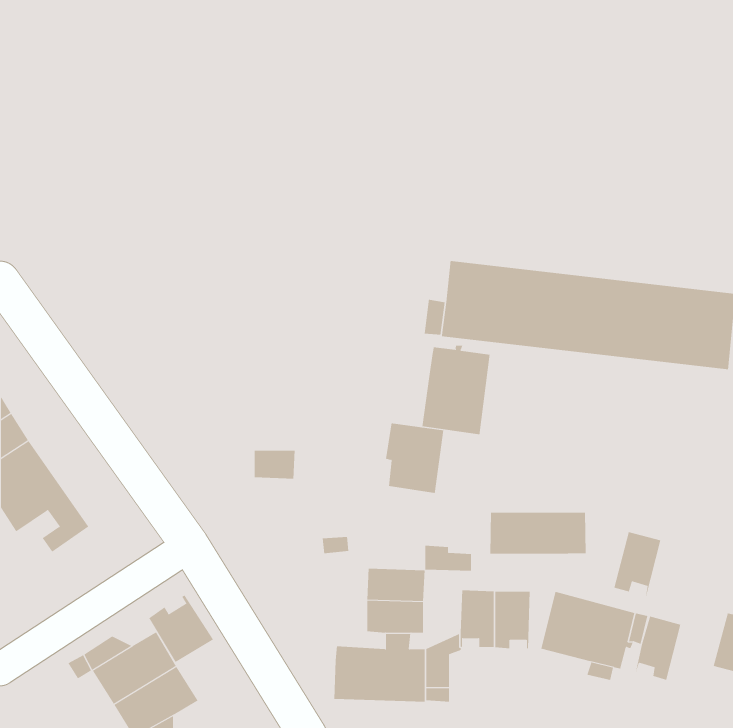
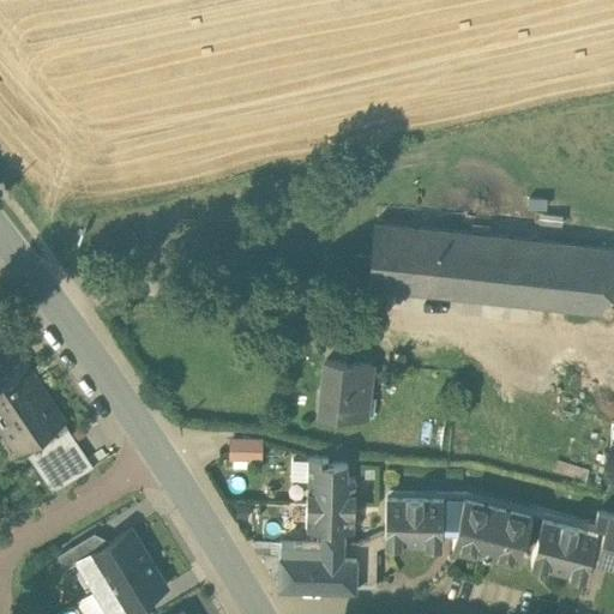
building: [422,345,490,435] -> none
building: [254,450,296,479] -> [233,438,267,462]
building: [490,512,586,554] -> none
building: none -> [44,445,94,490]
building: [614,532,661,596] -> [558,526,597,580]
building: [424,545,472,571] -> [308,459,348,481]
building: [148,595,214,663] -> none

